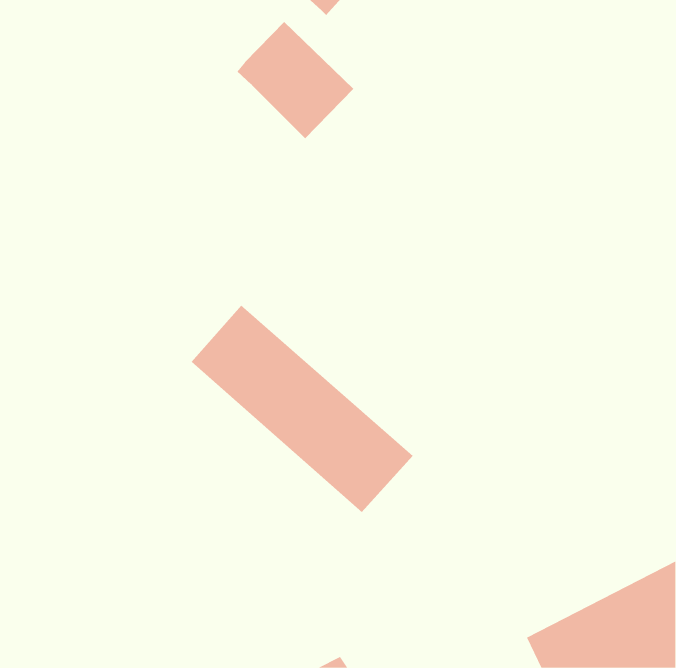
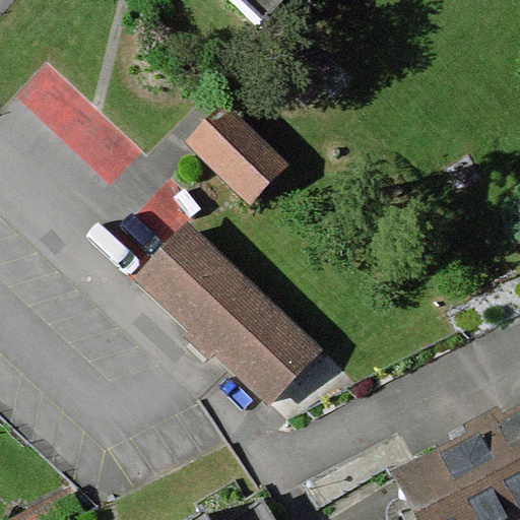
building: [236,21,354,139] -> [189,108,279,198]

